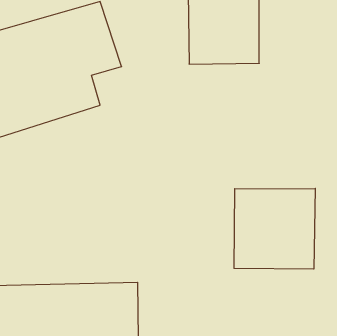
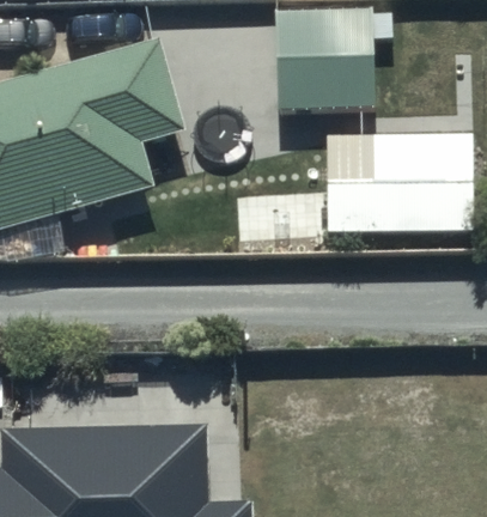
building: none -> [315,142,464,242]
building: [234,188,315,269] -> none

